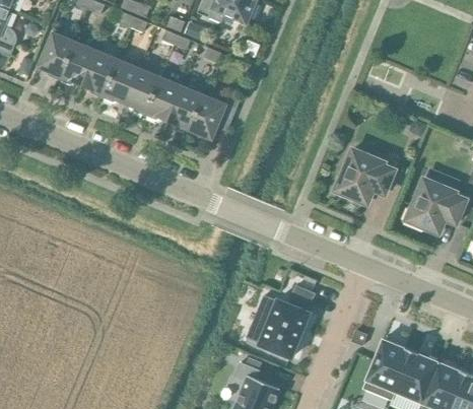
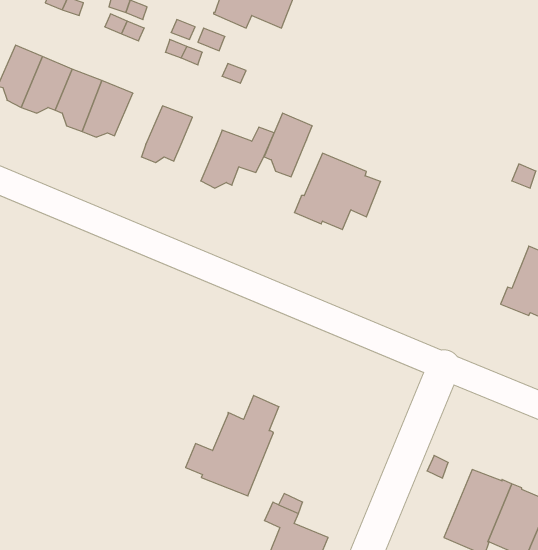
building: [126,69,160,115] -> none
building: [168,86,203,132] -> [264,113,312,177]
building: [332,148,394,203] -> [294,153,381,230]
building: [247,285,314,357] -> [186,395,279,496]

